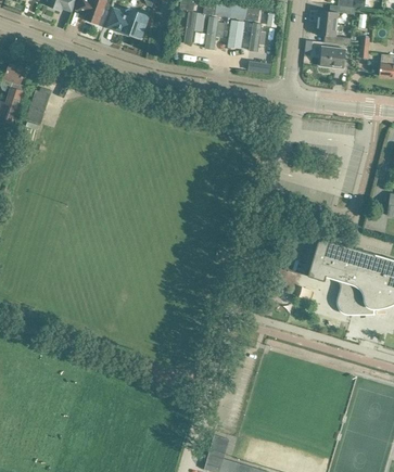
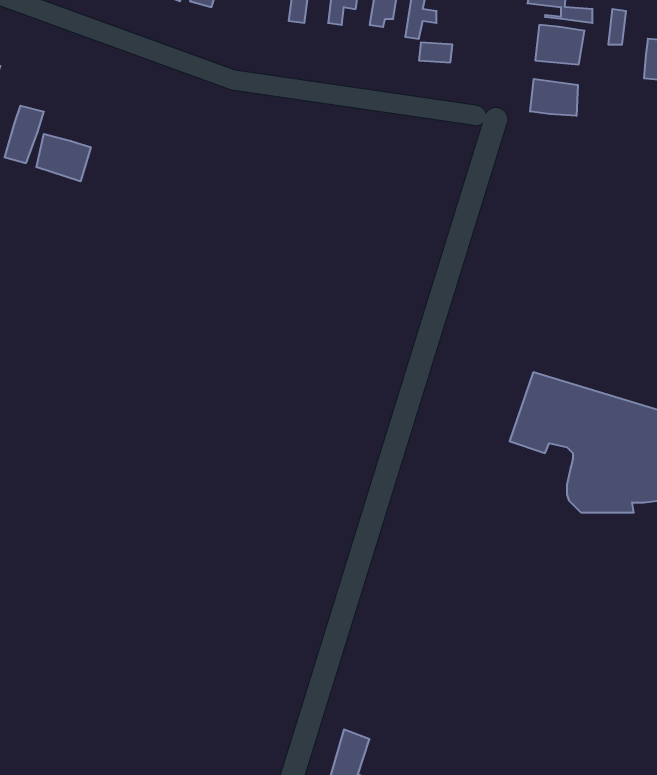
building: none -> [530,79,578,116]
building: none -> [36,134,91,181]

